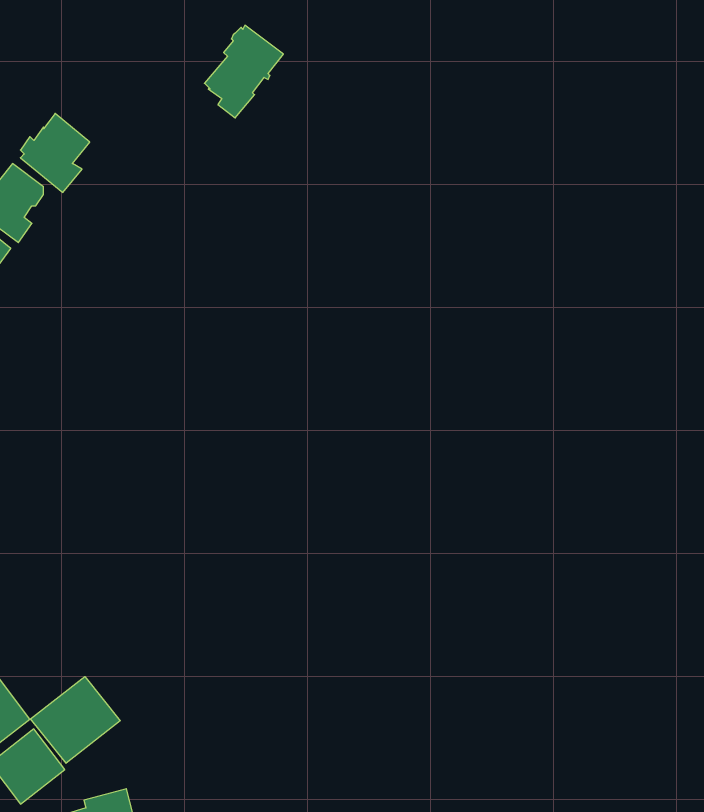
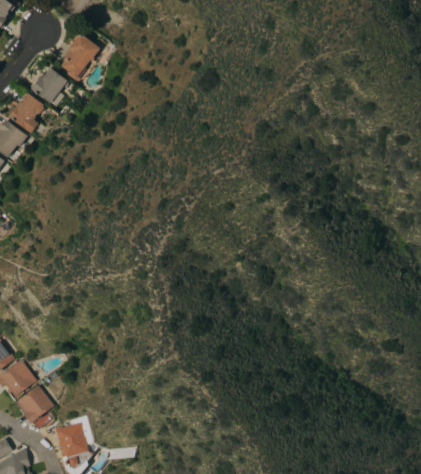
building: [204,25,283,118] -> [59,33,100,81]
building: [31,677,120,763] -> none

